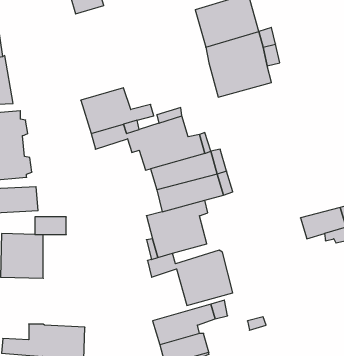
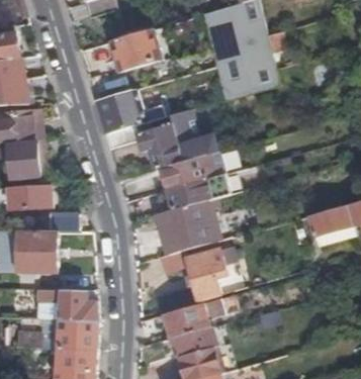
building: none -> [111,28,161,70]
building: none -> [37,290,98,321]

